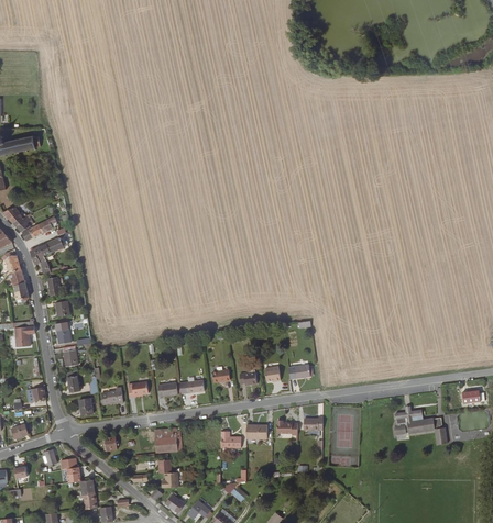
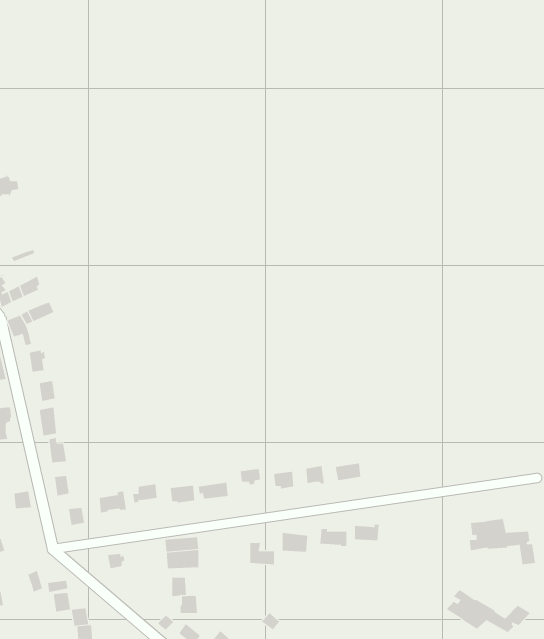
building: none -> [446,589,531,633]

